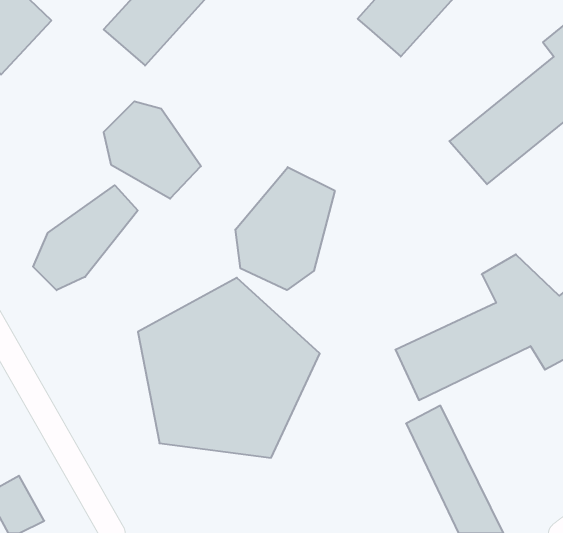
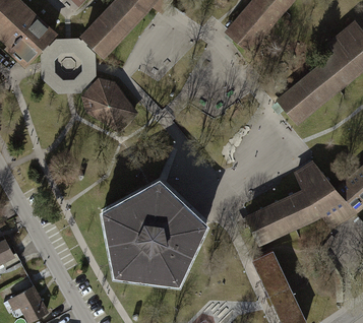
building: [235,167,335,290] -> none
building: [33,185,138,290] -> none

